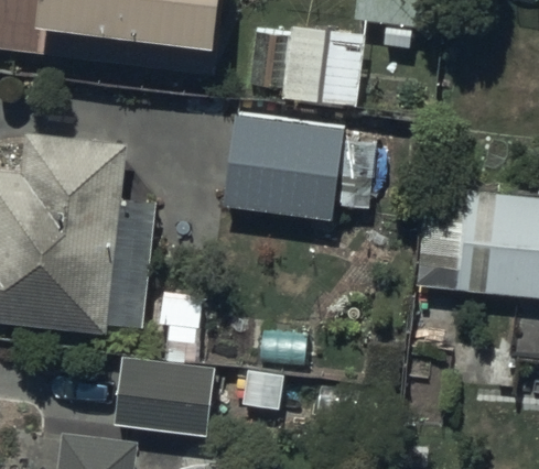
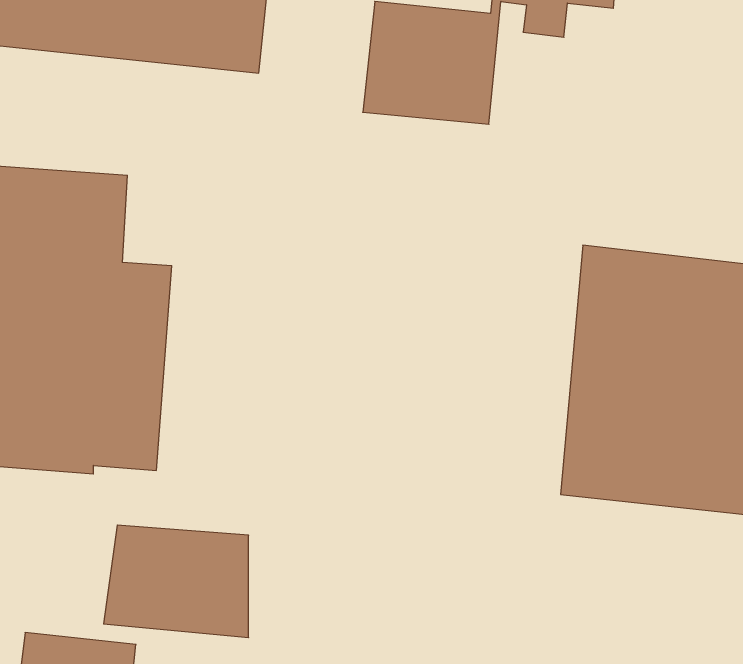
building: [227,112,338,217] -> none

